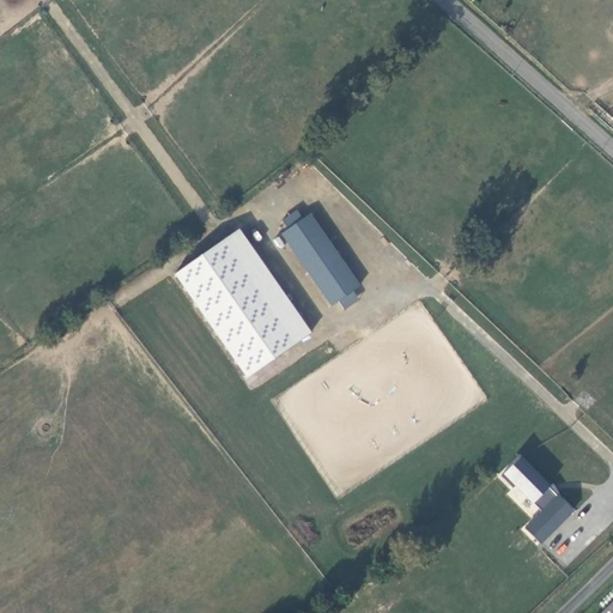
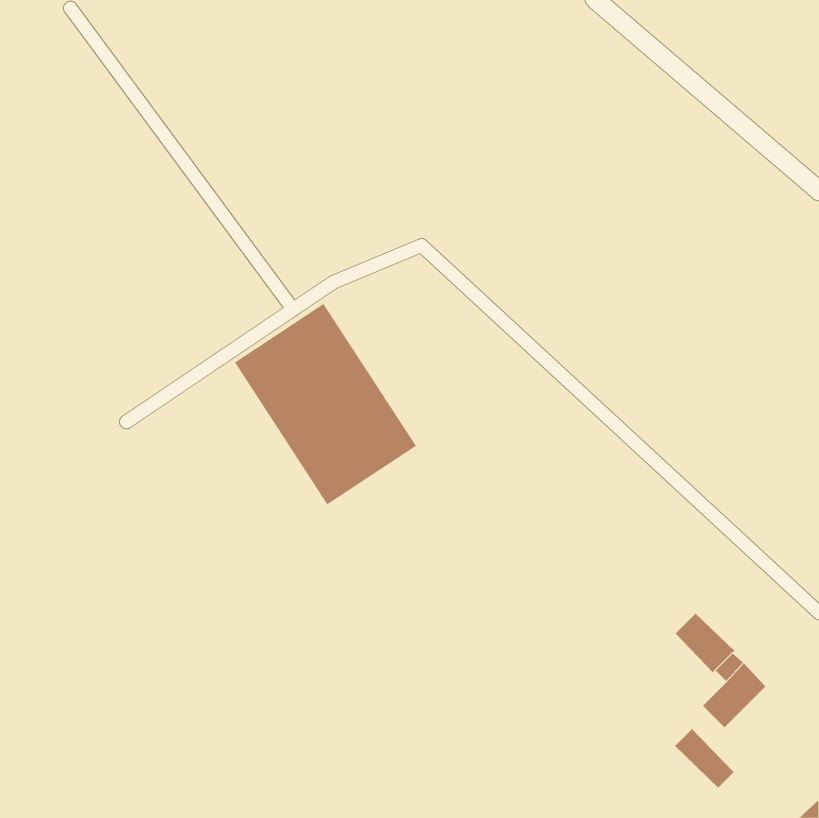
building: [281,213,359,304] -> none
building: none -> [673,727,735,789]

